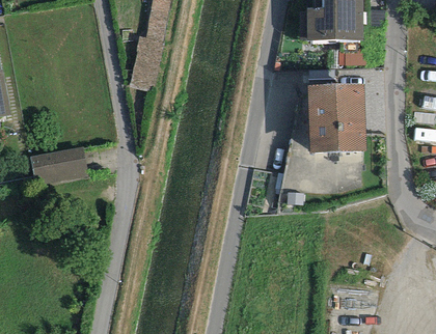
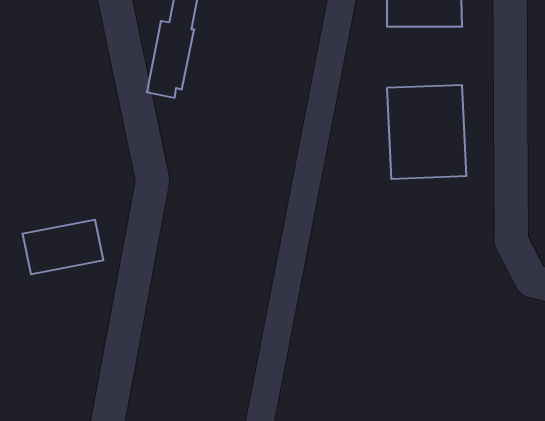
building: [28,146,88,187] -> [22,220,103,274]

